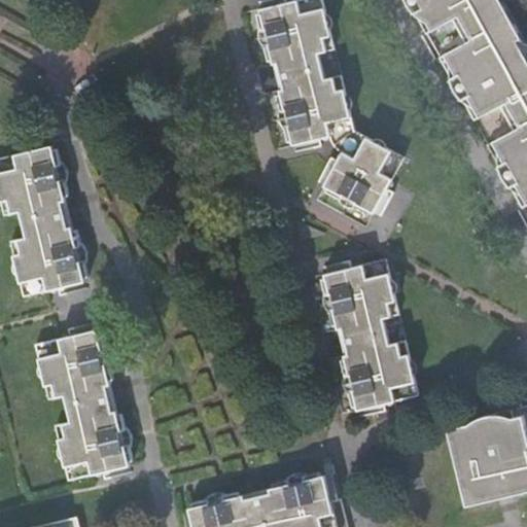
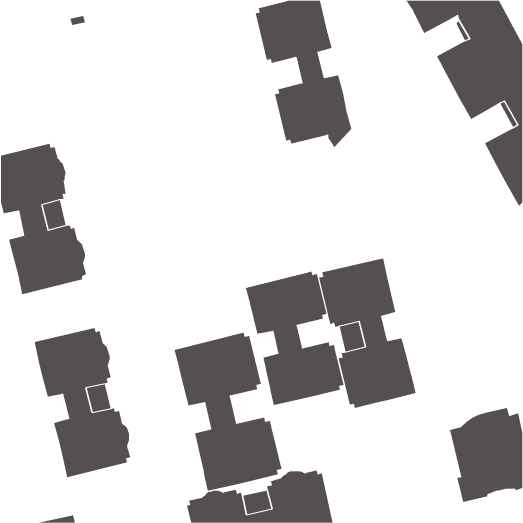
building: [324,130,403,214] -> none
building: none -> [245,271,344,406]
building: none -> [174,332,282,492]

